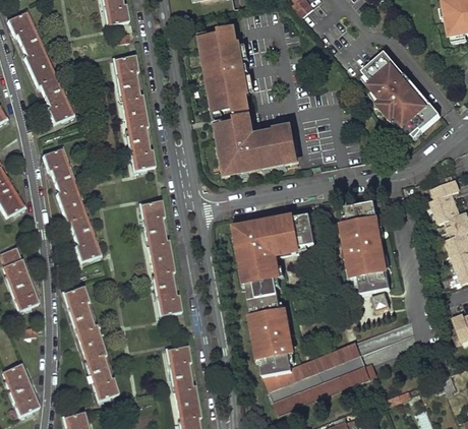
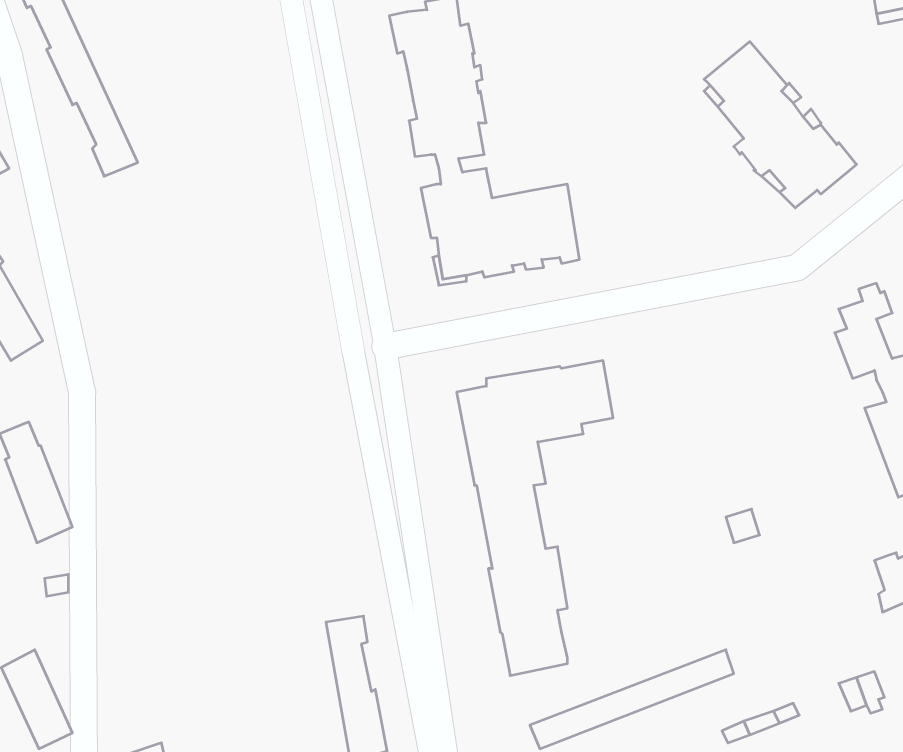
building: [115,55,154,169] -> none
building: [43,147,98,258] -> none
building: [141,200,179,313] -> none
building: [342,202,391,294] -> none
building: [65,286,117,397] -> none
building: [262,342,361,389] -> none

